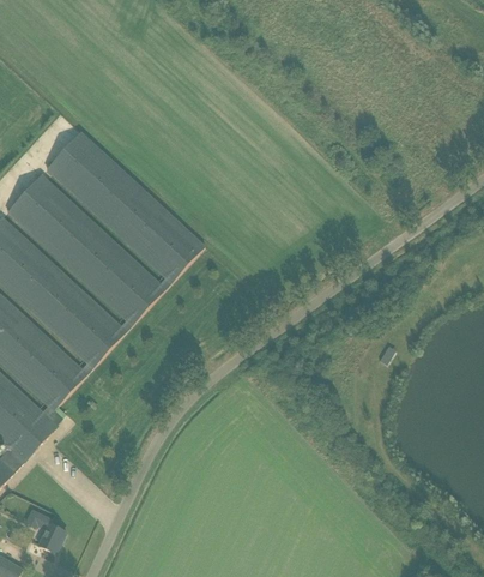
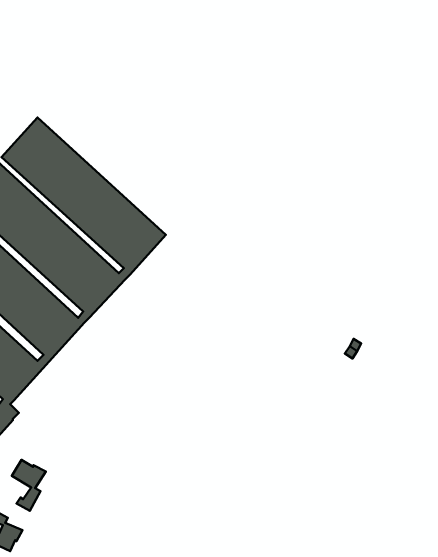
building: none -> [12,460,46,511]

